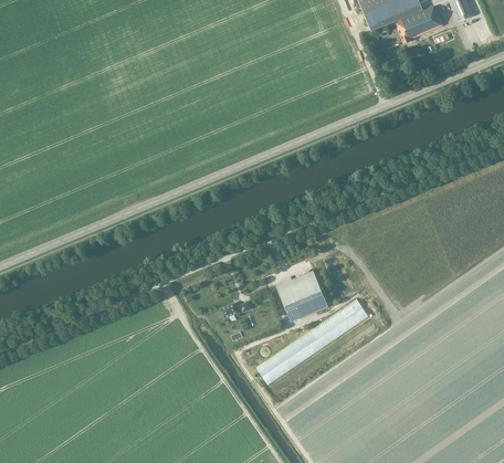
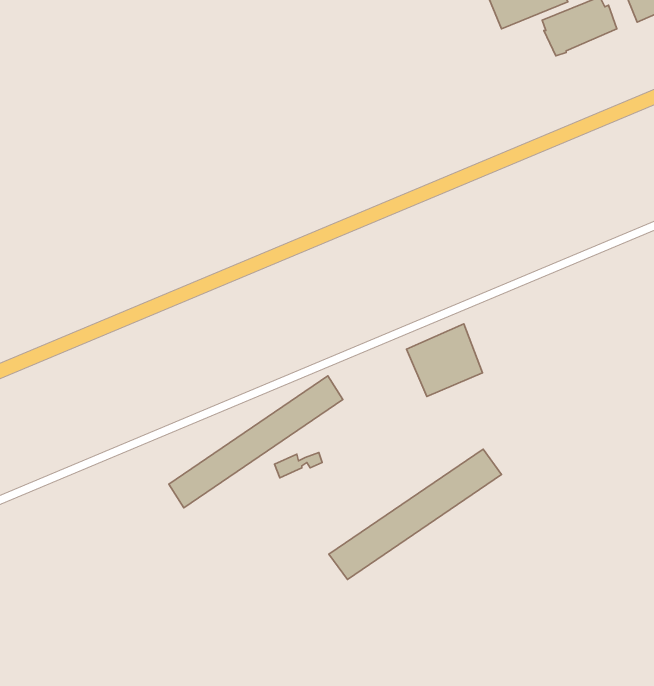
building: none -> [169,376,343,508]
building: [279,273,328,320] -> [406,324,483,397]

